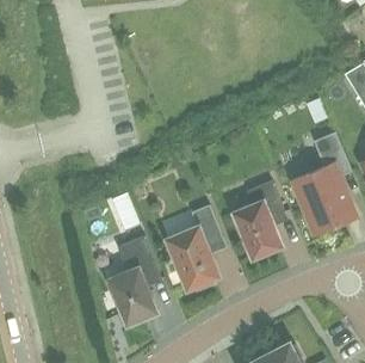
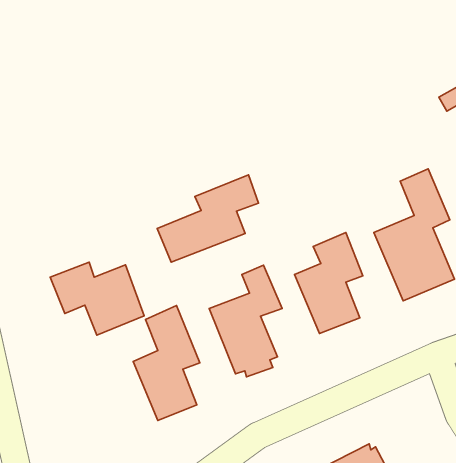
building: none -> [157,175,258,262]
building: none -> [50,262,144,335]

